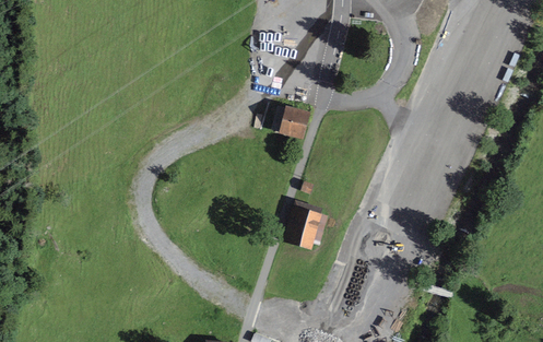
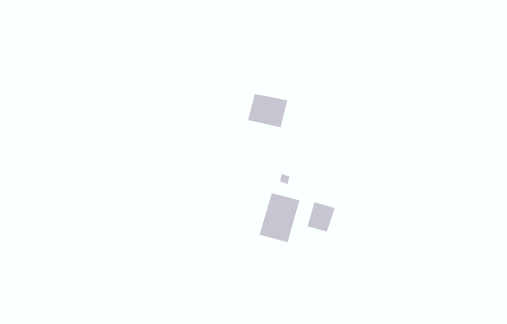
building: none -> [306,201,336,233]

